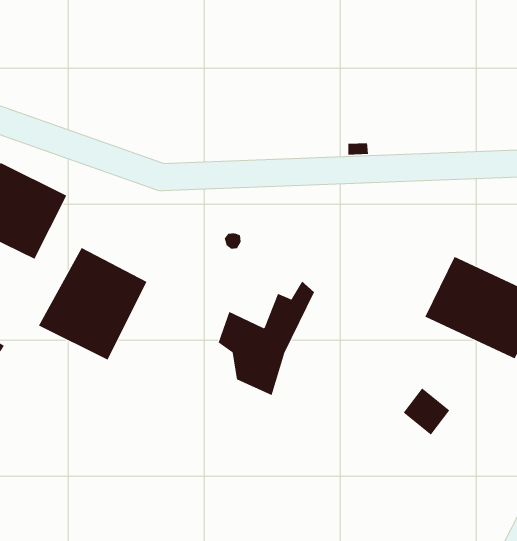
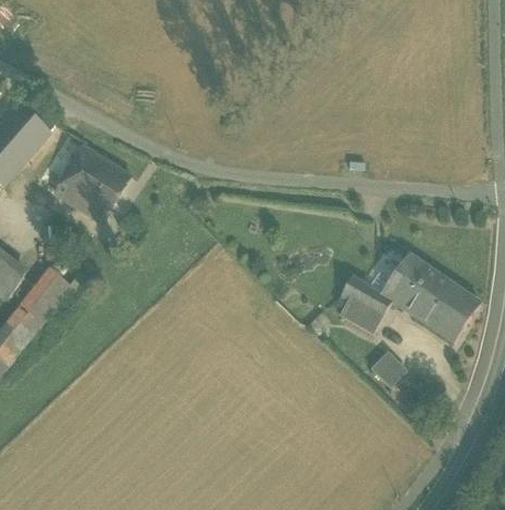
building: [38,247,147,361] -> none
building: [218,281,315,396] -> [340,247,417,332]

